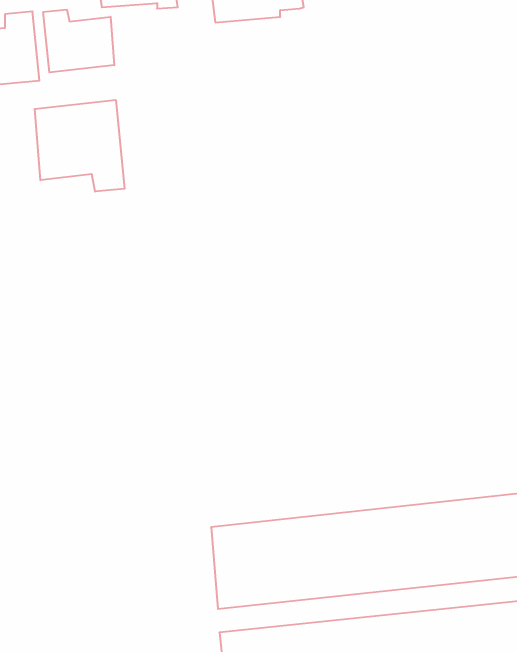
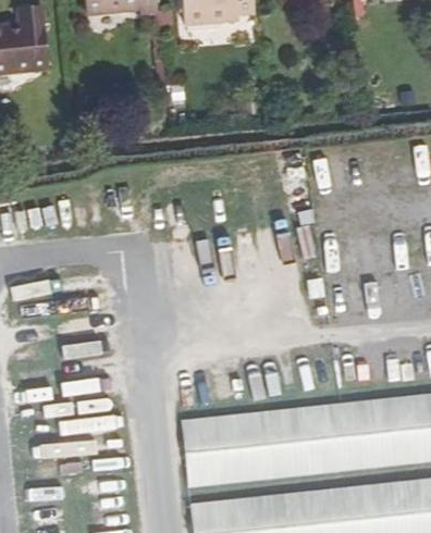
building: [43,10,114,72] -> none
building: [35,100,125,192] -> none

